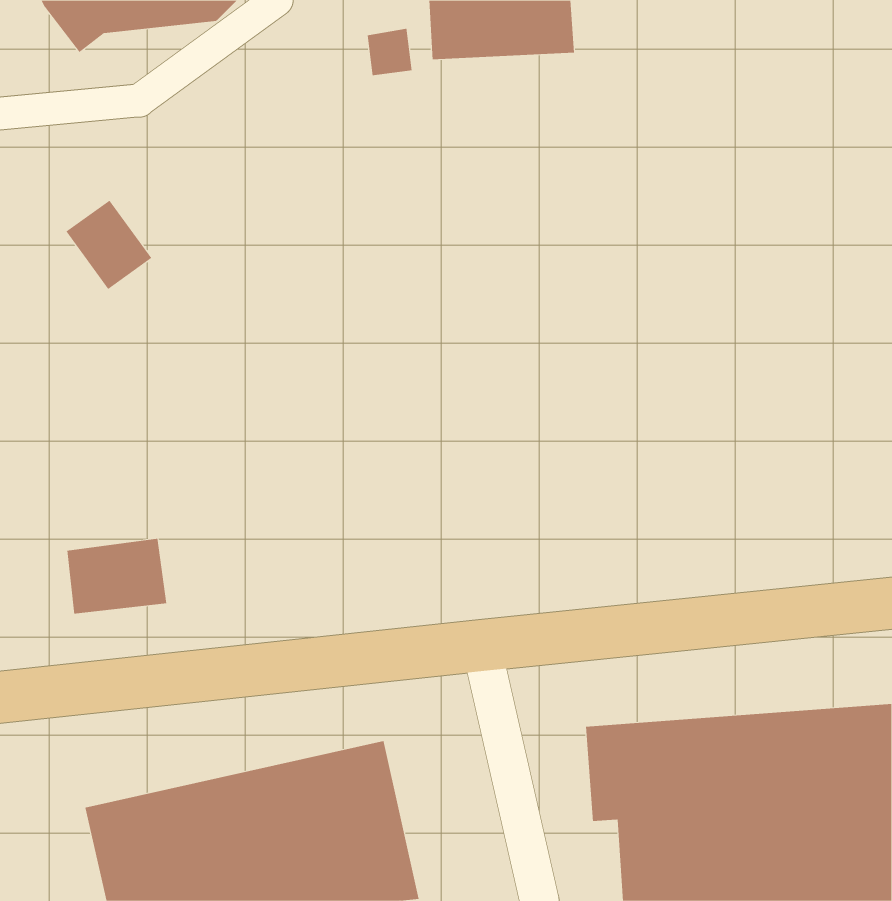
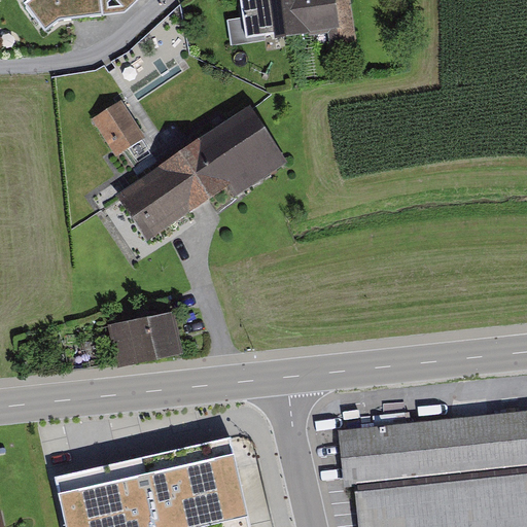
building: none -> [120,111,278,242]
building: [66,200,152,290] -> [95,101,145,153]
building: [67,538,167,614] -> [116,318,175,362]

